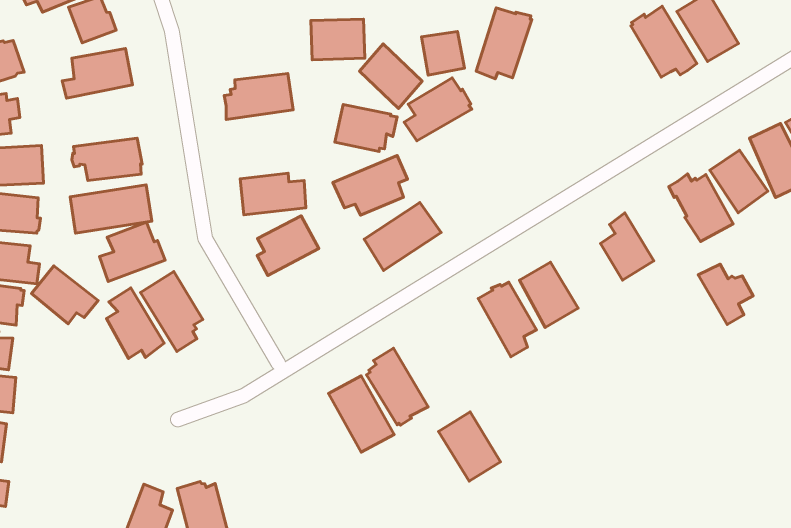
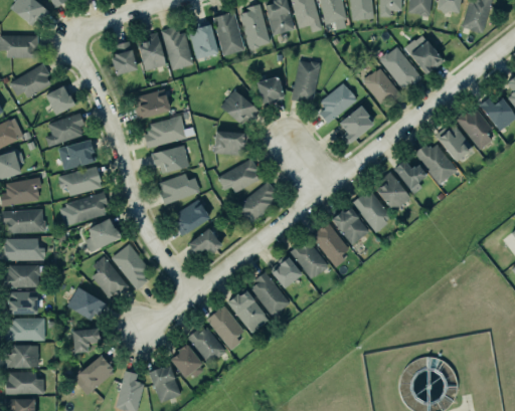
building: [311,19,365,60] -> [135,90,170,119]
building: none -> [363,67,401,108]
building: [404,78,472,141] -> [317,83,356,124]
building: none -> [56,138,92,169]
building: none -> [339,107,373,146]
building: none -> [153,146,190,174]
building: none -> [353,190,393,232]
building: [698,264,753,324] -> [391,159,425,194]
building: [32,266,98,324] -> [65,286,106,320]
building: none -> [188,229,222,256]
building: none -> [269,255,300,286]
building: none -> [207,306,245,351]
building: none -> [70,327,98,352]
building: [439,412,501,481] -> [291,239,330,280]
building: none -> [189,326,226,365]
building: none -> [72,352,112,394]
building: none -> [171,346,206,378]

